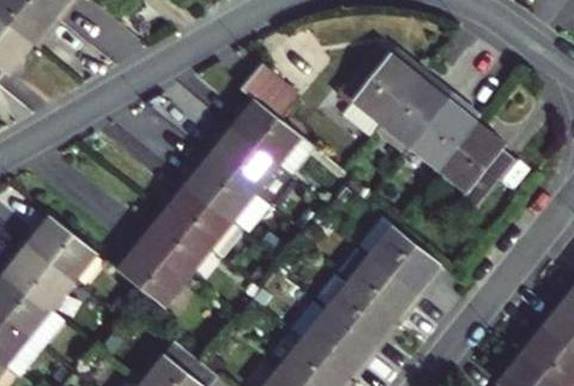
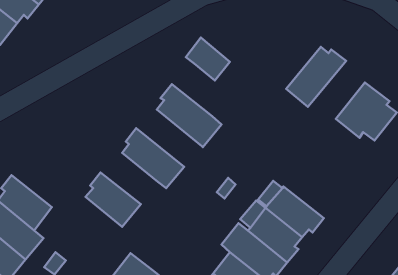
building: [336,47,418,135] -> none
building: [409,94,475,168] -> none
building: [228,97,302,164] -> none
building: [182,156,266,230] -> none
building: [137,211,210,277] -> none
building: [23,213,97,281] -> none
building: [370,224,441,295] -> none

